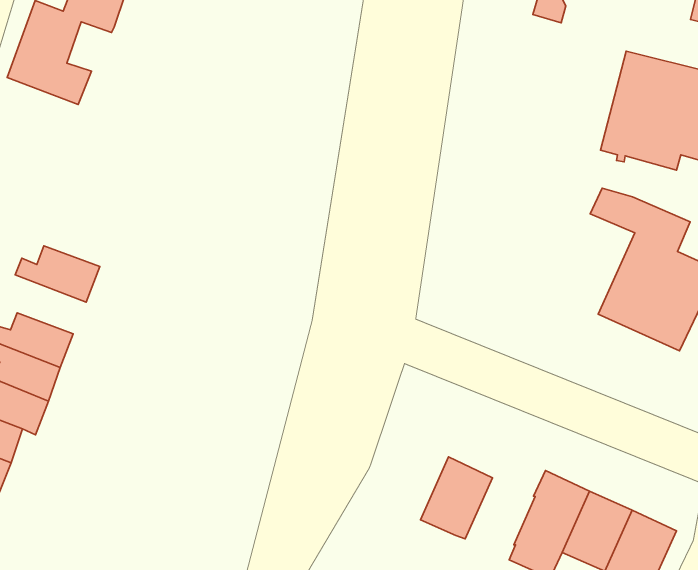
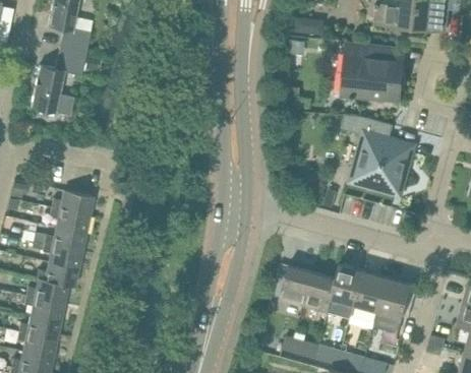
building: none -> [49,208,90,234]
building: none -> [303,273,336,314]

